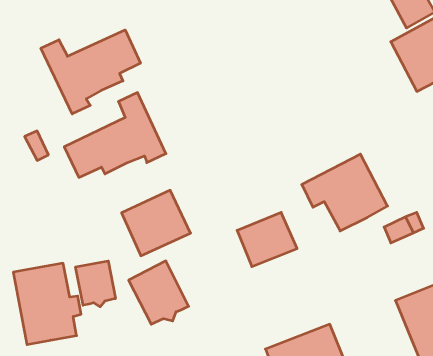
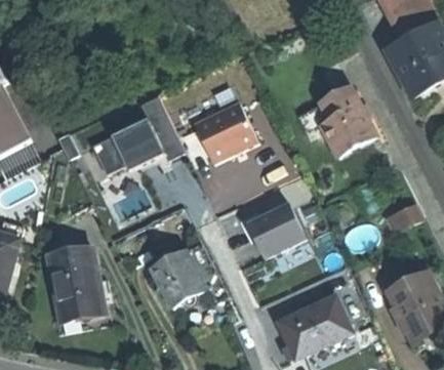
building: [41,30,140,114] -> none
building: [302,154,388,231] -> [295,87,373,157]
building: [122,190,191,256] -> [194,101,256,161]
building: [76,261,115,307] -> none

